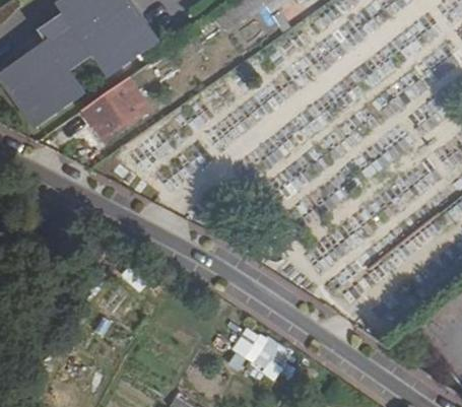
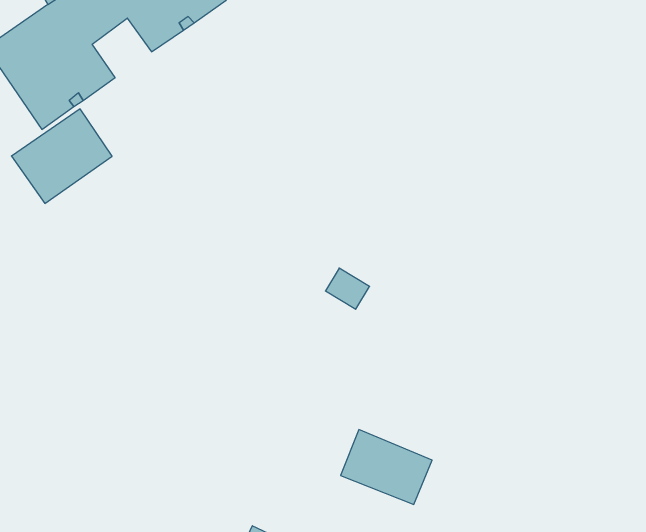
building: [81,77,148,140] -> [11,109,112,203]

